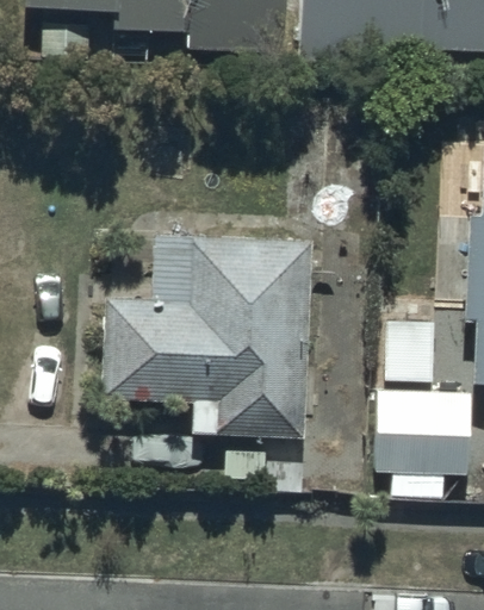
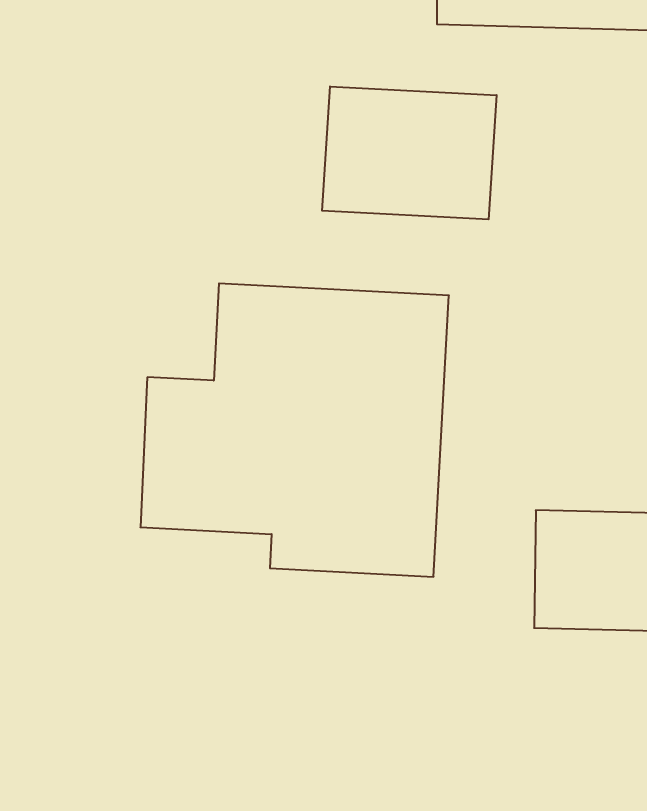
building: none -> [322,86,497,219]

